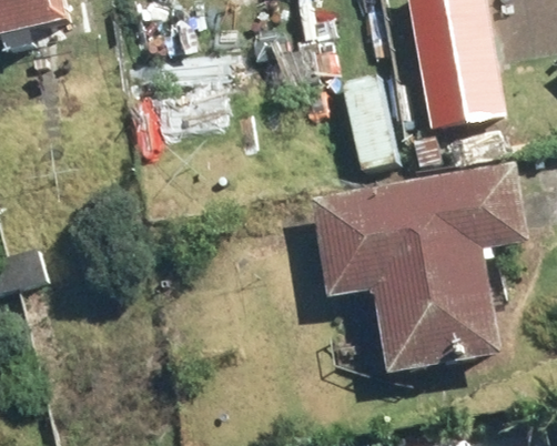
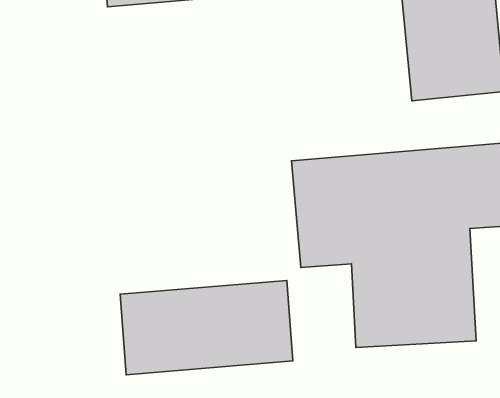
building: none -> [120,281,293,375]

